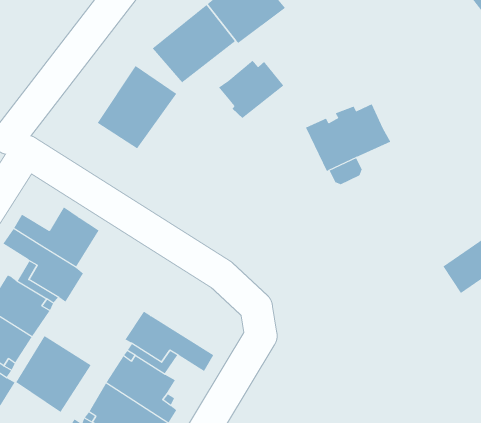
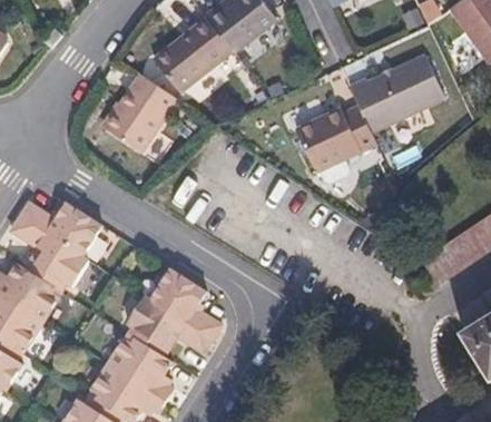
building: none -> [346,52,441,130]
building: [218,60,284,119] -> none
building: none -> [151,269,219,341]
building: [16,335,92,413] -> none

